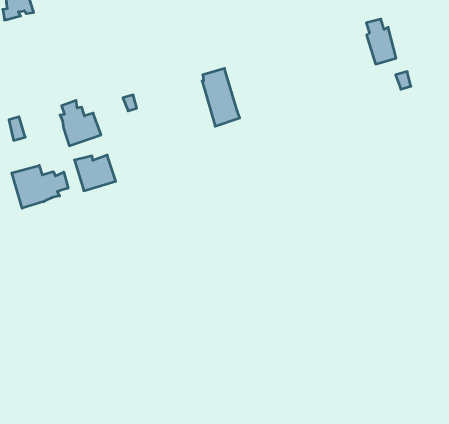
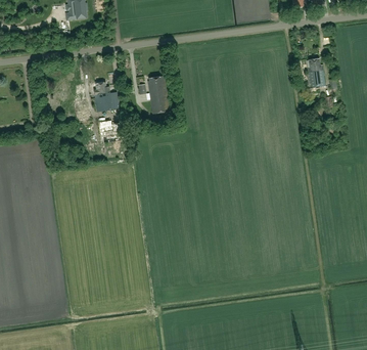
building: [202,68,240,126] -> [148,76,170,114]
building: [12,165,68,208] -> none

